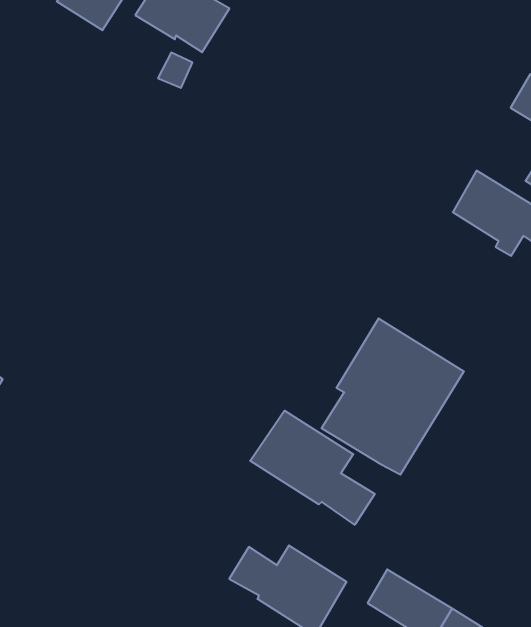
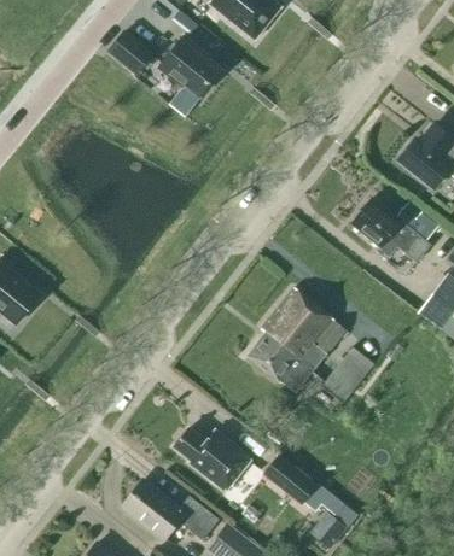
building: none -> [322,349,374,403]
building: [250,411,375,525] -> none

